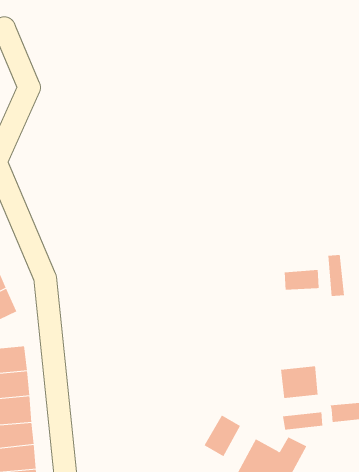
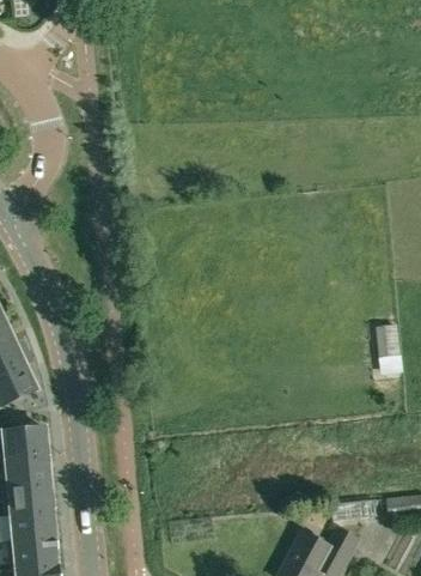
building: [284,269,324,290] -> none
building: [281,365,318,399] -> none
building: [202,415,241,457] -> none

